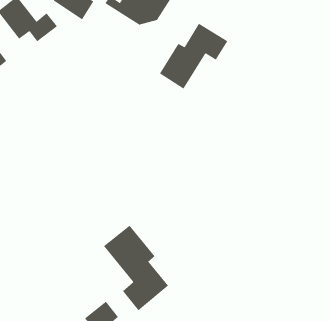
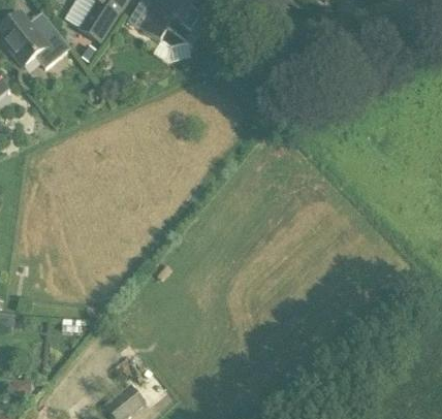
building: [159,23,228,89] -> none
building: [103,225,169,311] -> none

